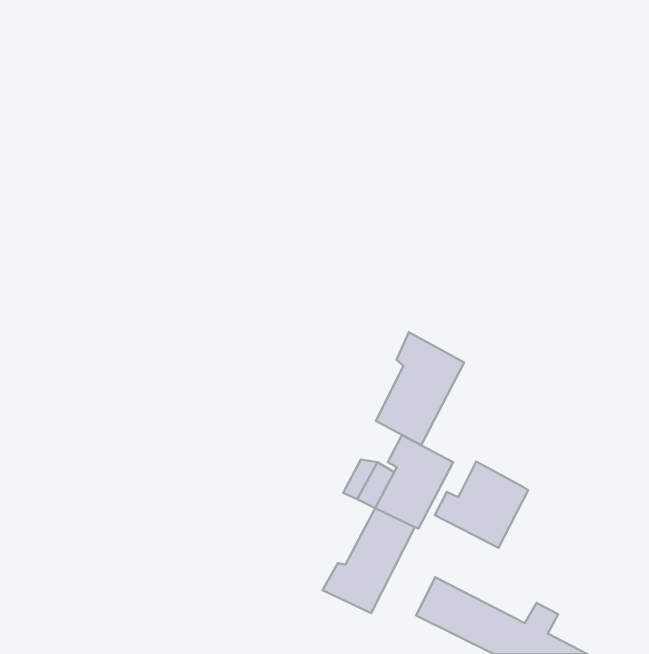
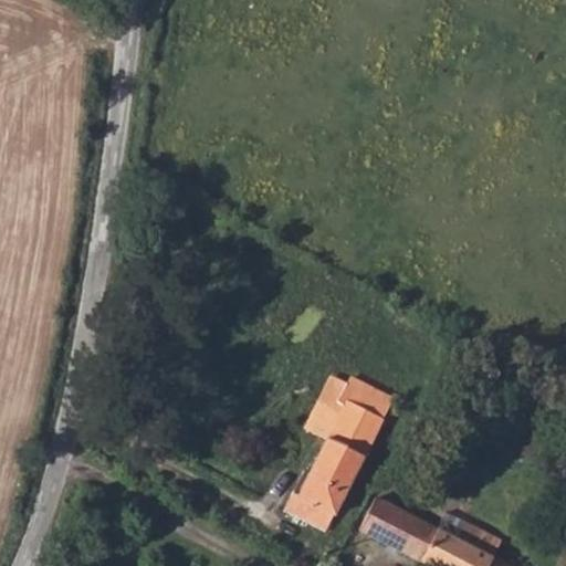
building: [376,332,464,445] -> none
building: [435,461,528,548] -> none

